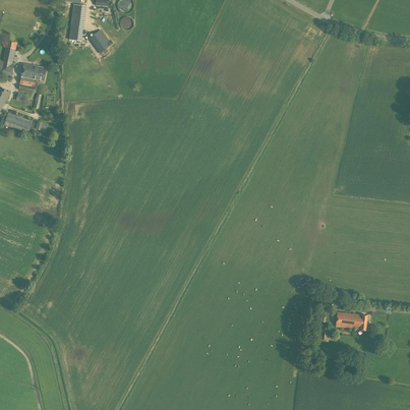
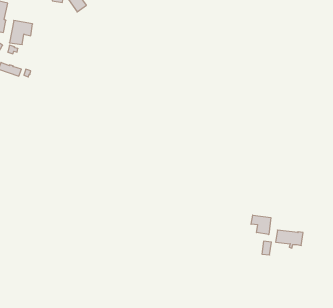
building: none -> [251,215,271,235]

